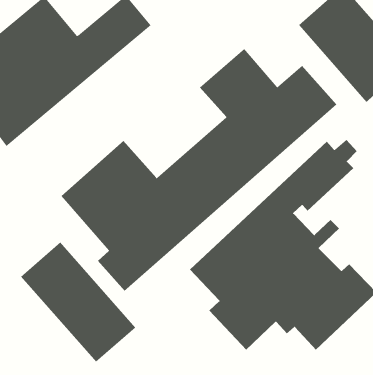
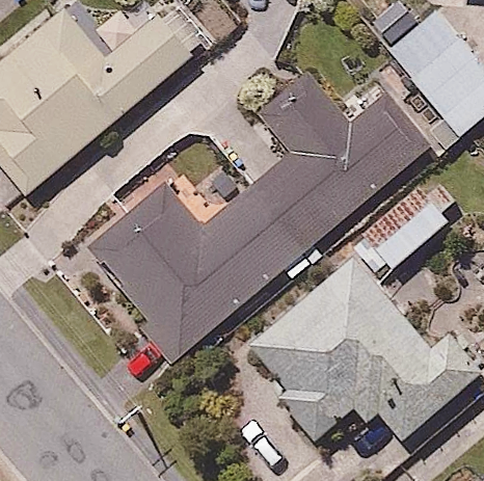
building: [20,242,136,363] -> none

